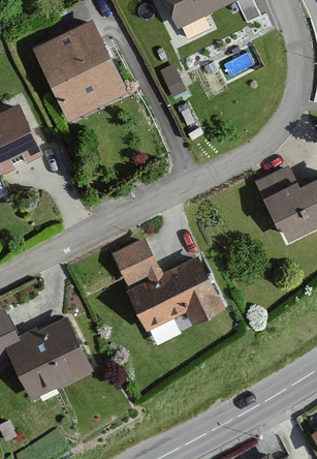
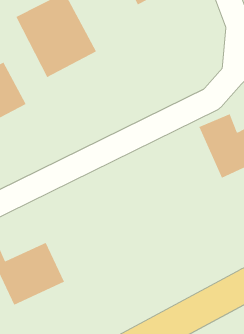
building: [115,239,225,339] -> none

